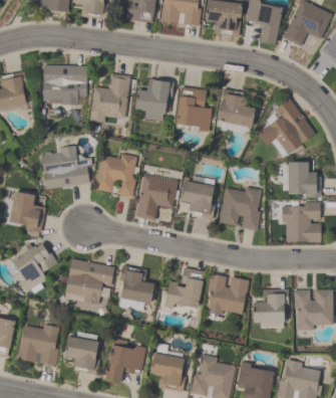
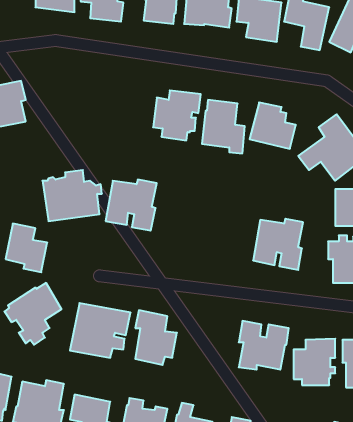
building: [43,65,87,105] -> none
building: [89,73,130,123] -> none
building: [135,174,178,219] -> none
building: [180,176,215,217] -> none
building: [164,267,204,309] -> none

